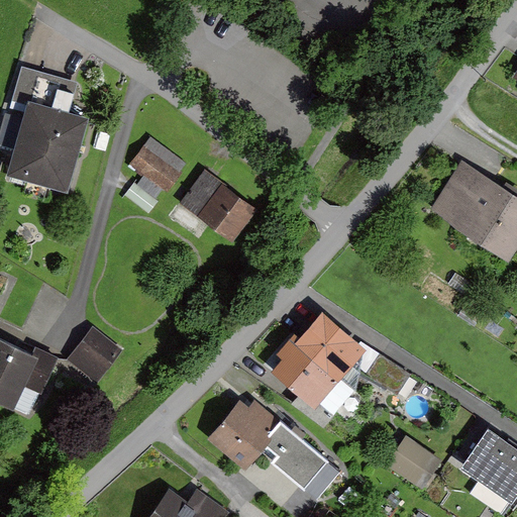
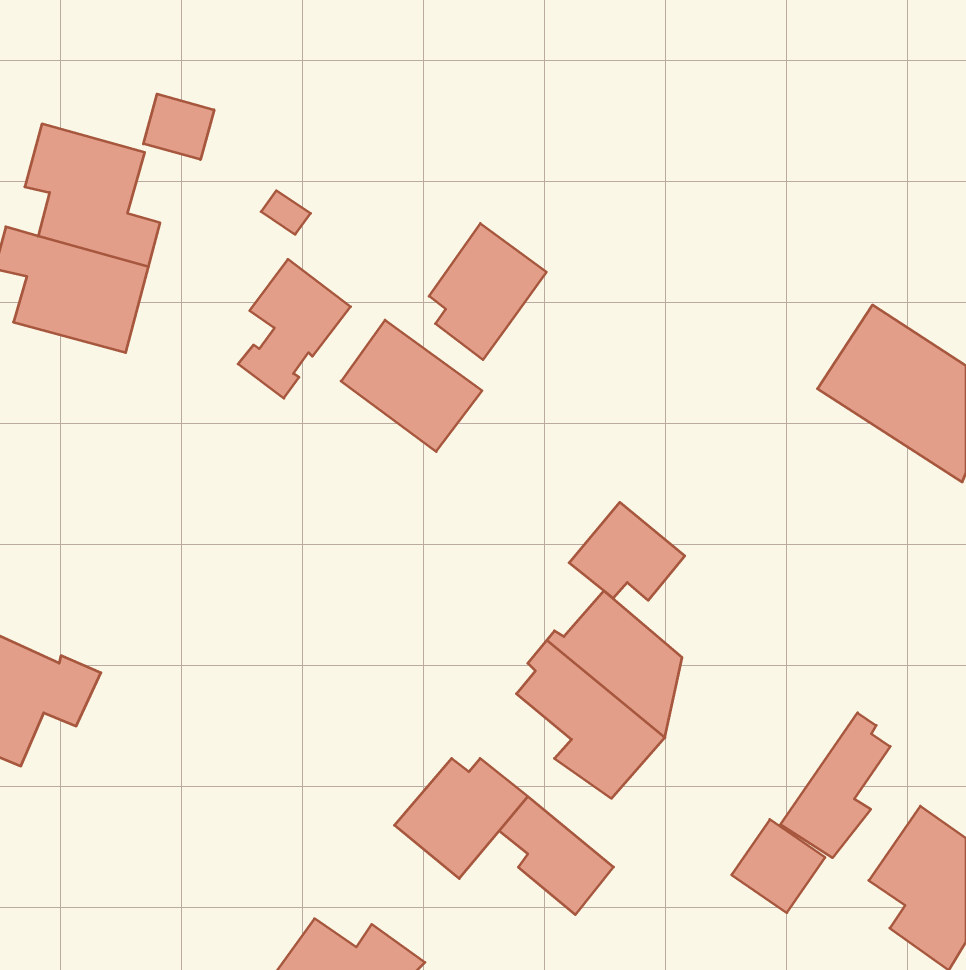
building: none -> [143,94,214,160]
building: none -> [429,223,546,360]
building: none -> [569,502,685,600]
building: [67,332,115,381] -> none
building: none -> [780,713,890,858]

